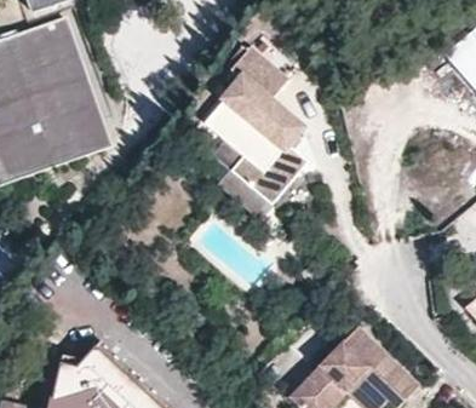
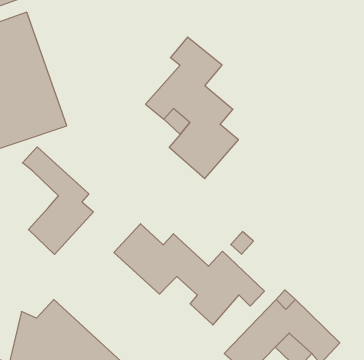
building: none -> [22,147,93,254]
building: none -> [114,224,264,325]

